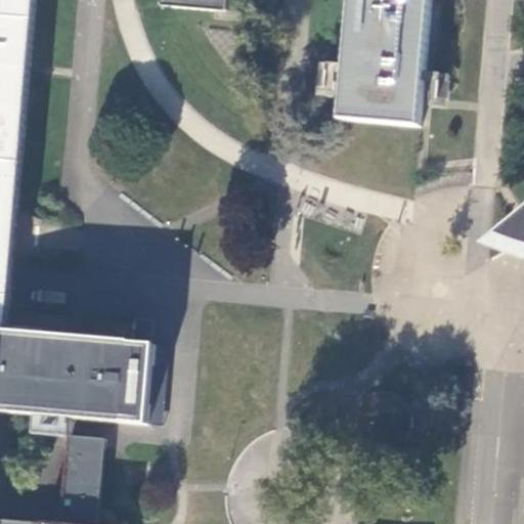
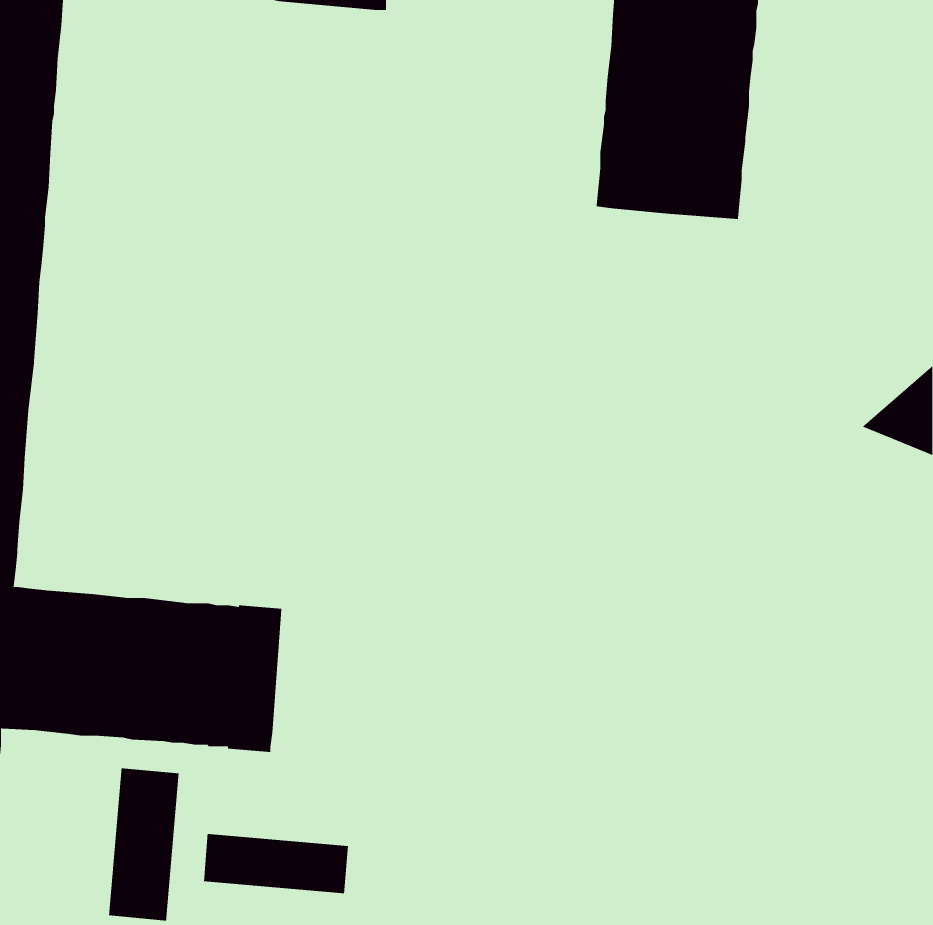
building: none -> [203,833,349,894]

